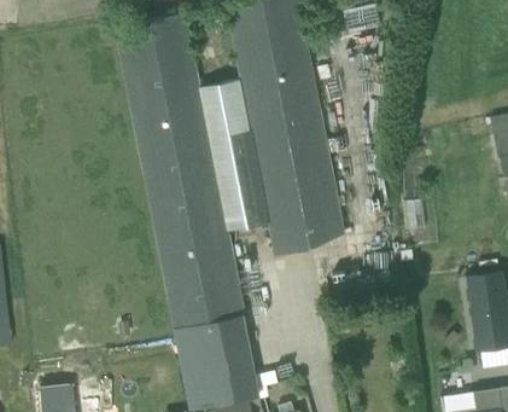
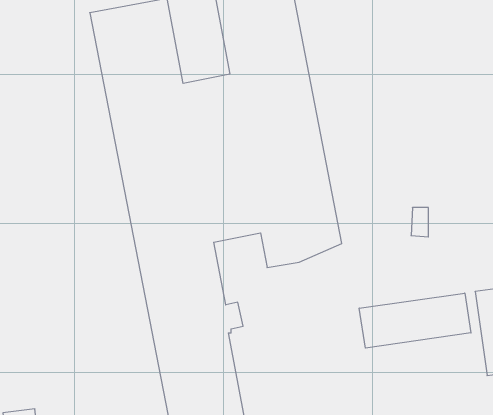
building: none -> [359,293,471,348]

